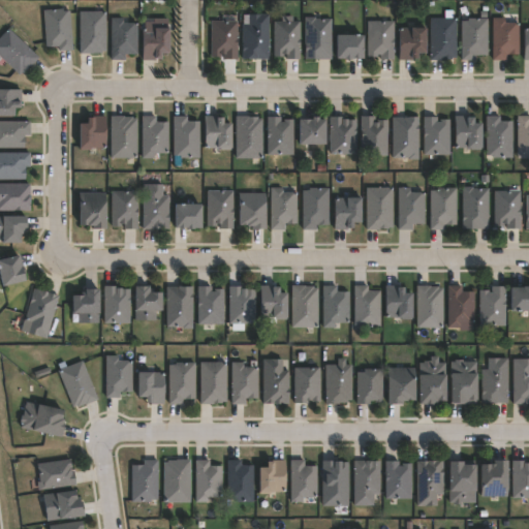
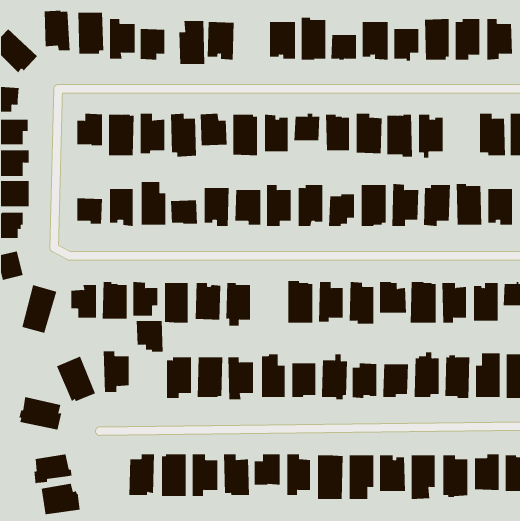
building: [243,15,270,60] -> [179,21,205,64]
building: [455,115,481,149] -> none
building: [260,285,286,317] -> none
building: [136,372,164,404] -> [136,321,163,352]

